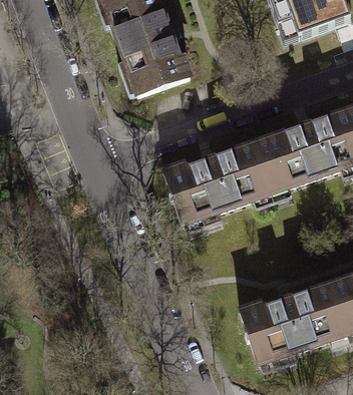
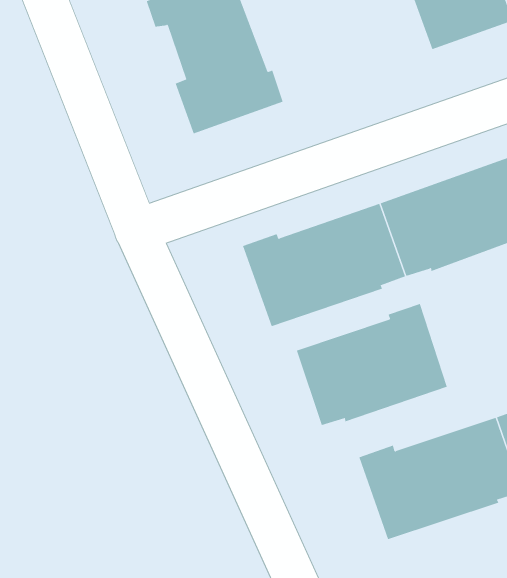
building: none -> [296,303,448,426]

